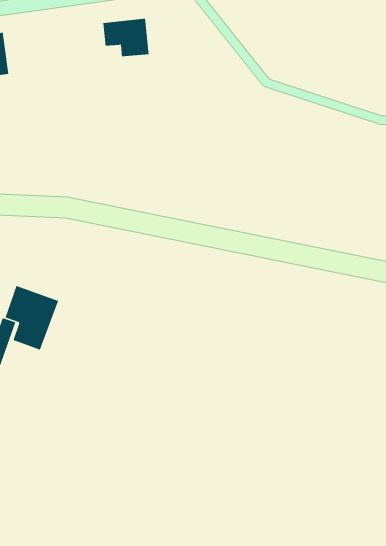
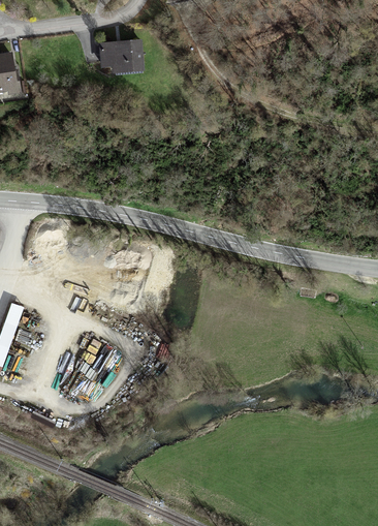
building: [5,285,59,351] -> none

